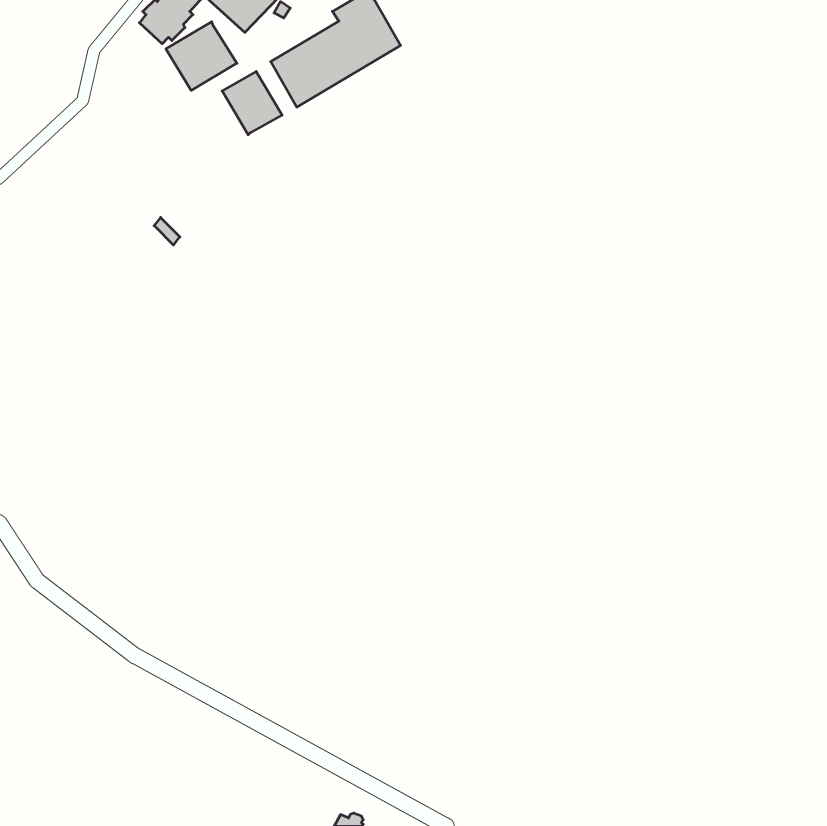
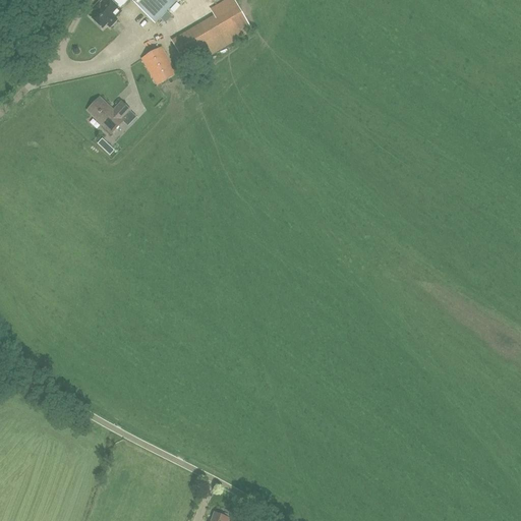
building: [166,22,237,90] -> none
building: none -> [86,96,128,131]

